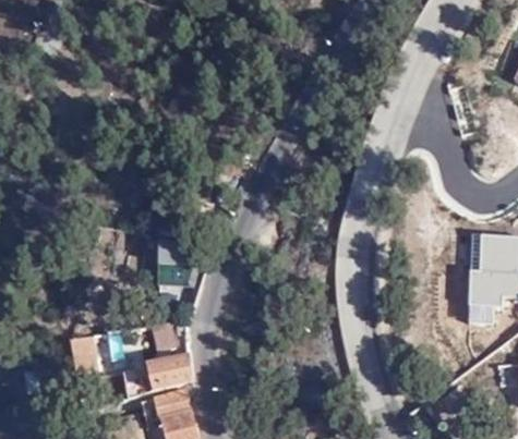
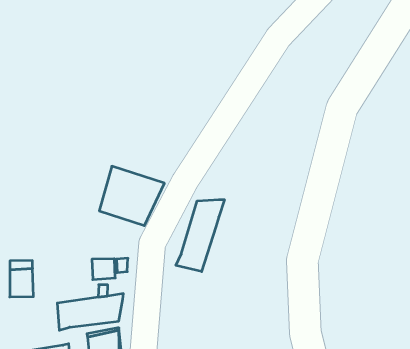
building: none -> [176,200,224,272]

